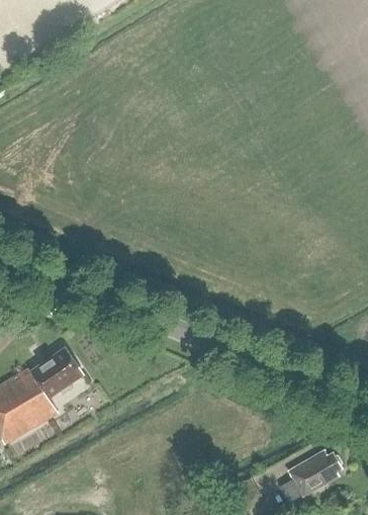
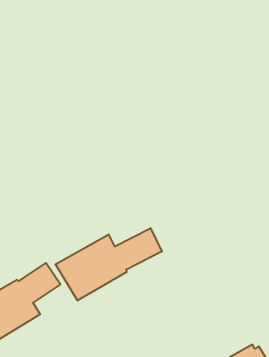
building: none -> [56,228,162,301]

